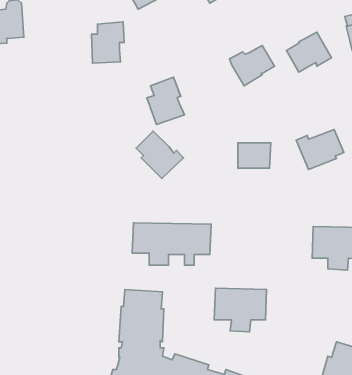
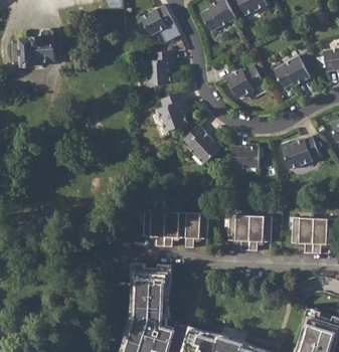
building: [91,22,124,63] -> [146,51,173,85]
building: [136,131,184,179] -> [183,125,222,164]
building: [214,288,267,332] -> [229,215,273,251]

